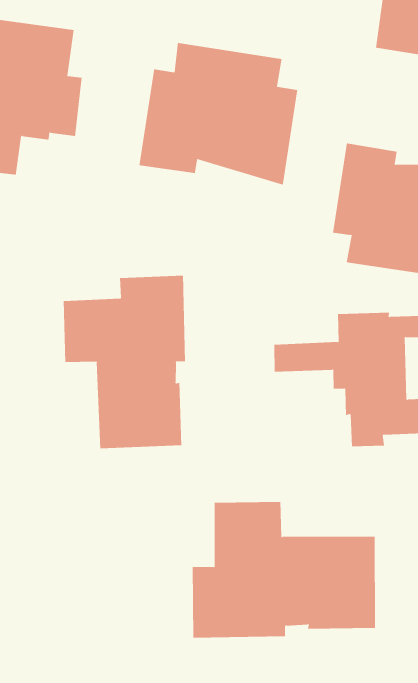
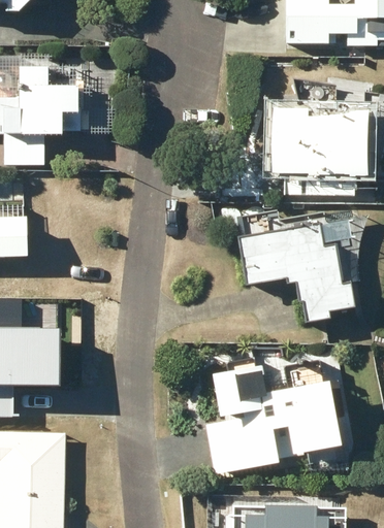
building: [139,42,298,185] -> none
building: [63,275,186,449] -> none

